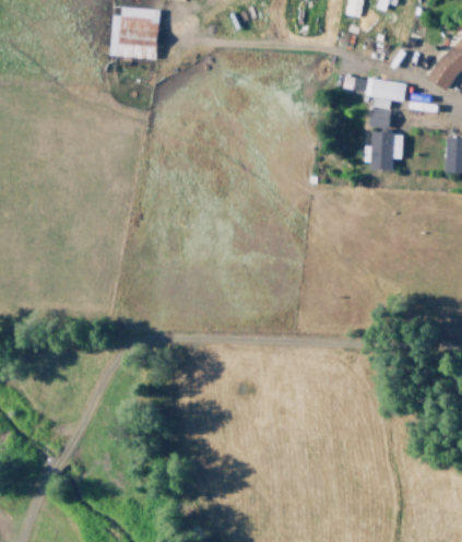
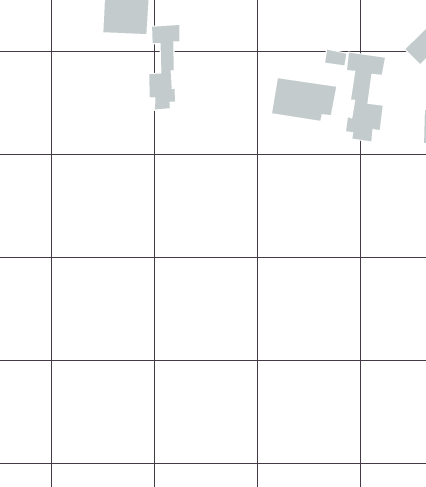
building: none -> [149,24,180,110]
building: none -> [271,78,337,121]

